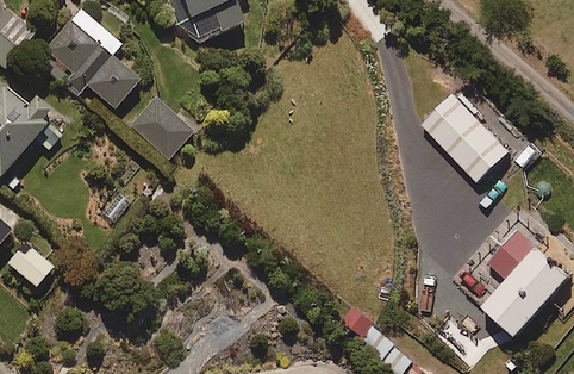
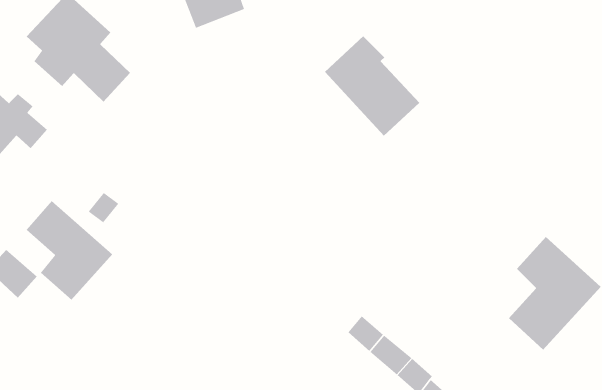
building: [422,88,510,181] -> [324,35,420,137]
building: [129,95,191,157] -> none
building: none -> [26,200,113,301]

